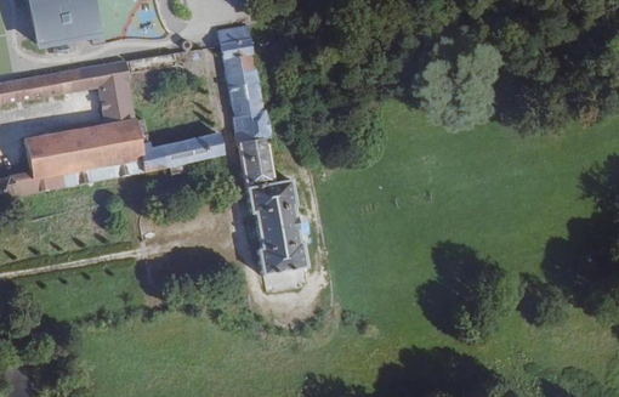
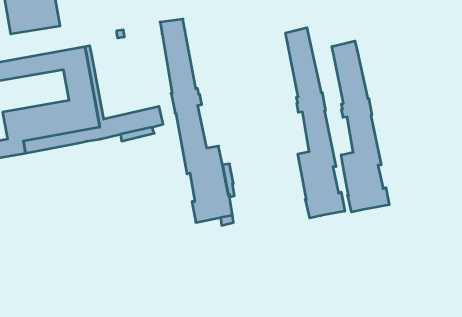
building: none -> [286,28,345,218]
building: none -> [332,41,389,212]

